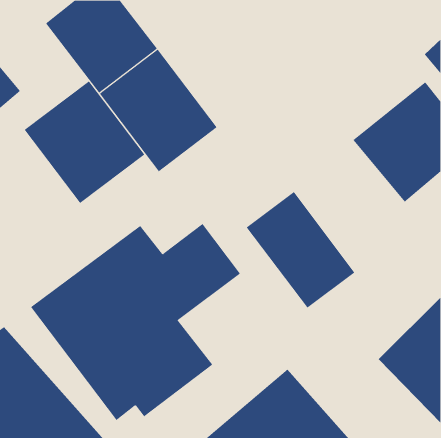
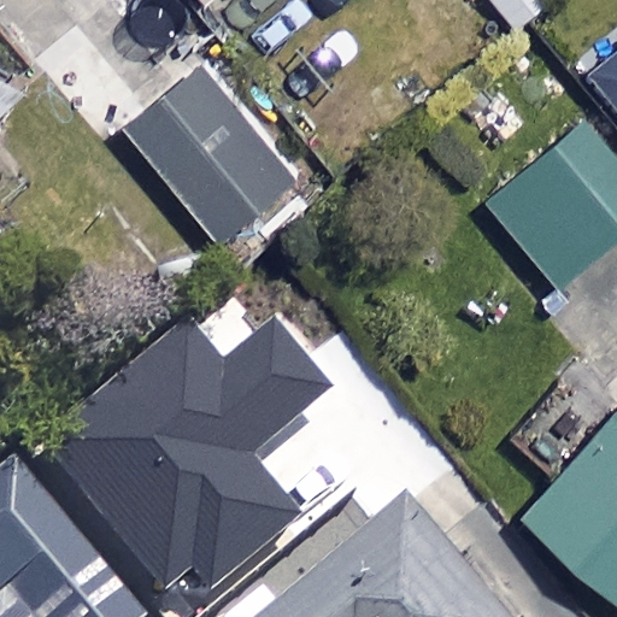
building: [24,81,145,204] -> none
building: [246,191,355,308] -> none

